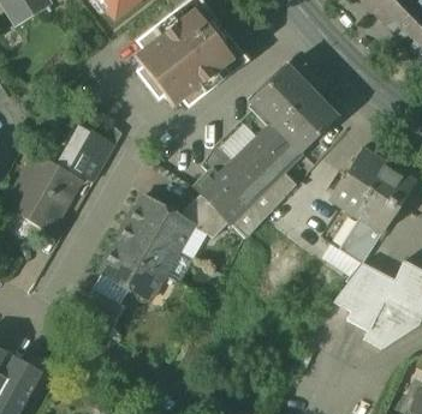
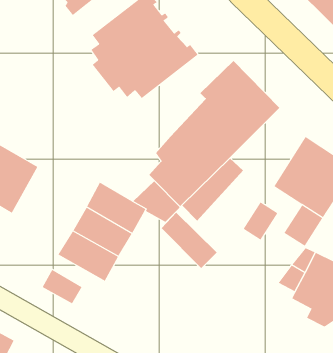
building: [69,120,123,180] -> none
building: none -> [243,201,278,241]
building: none -> [161,212,218,269]

